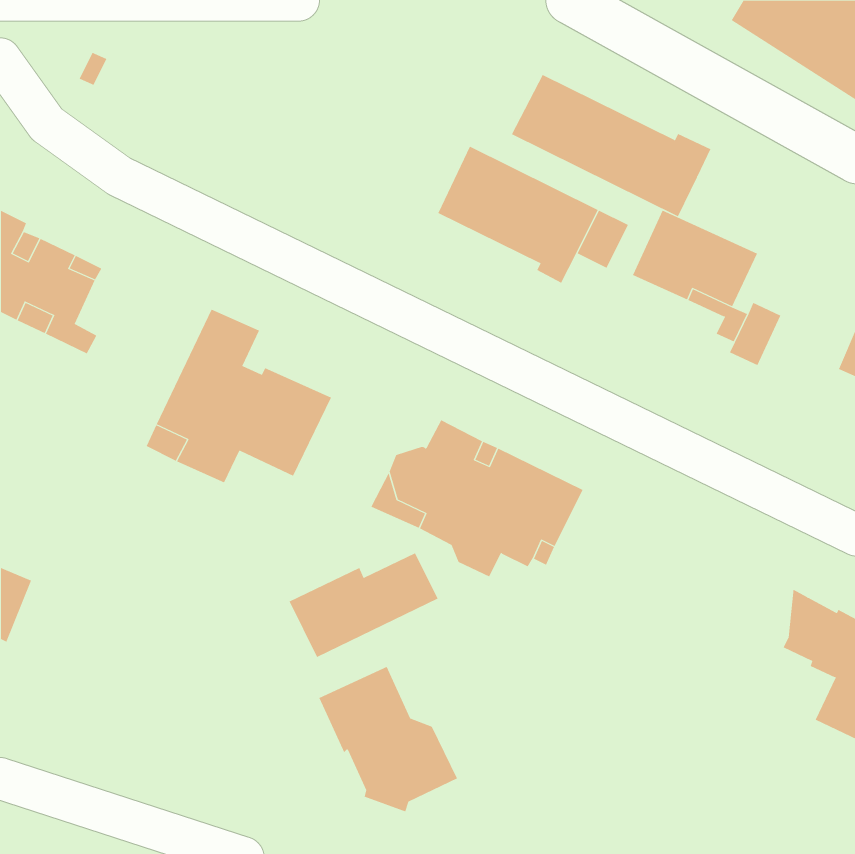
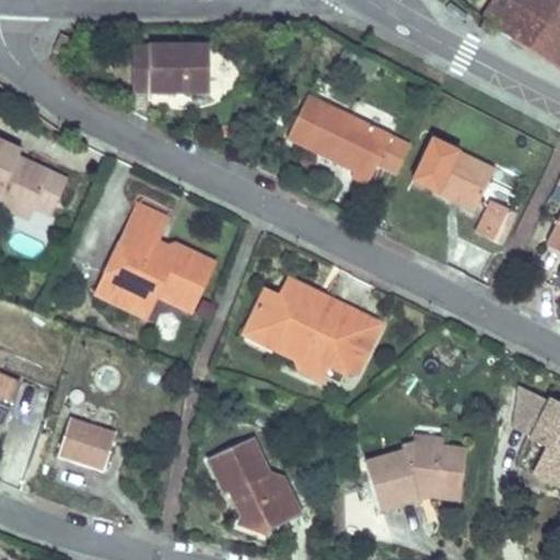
building: none -> [131,40,209,93]
building: [511,74,711,217] -> none
building: [289,552,439,658] -> none
building: none -> [58,412,114,468]
building: none -> [368,431,468,506]

